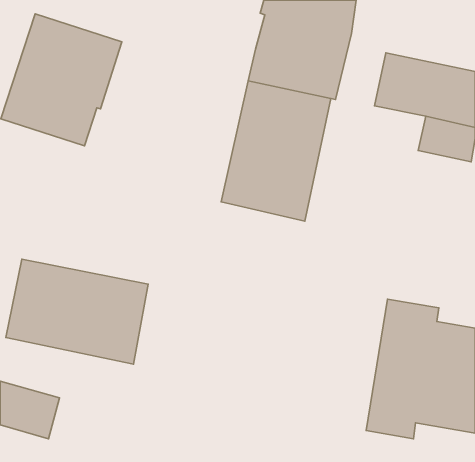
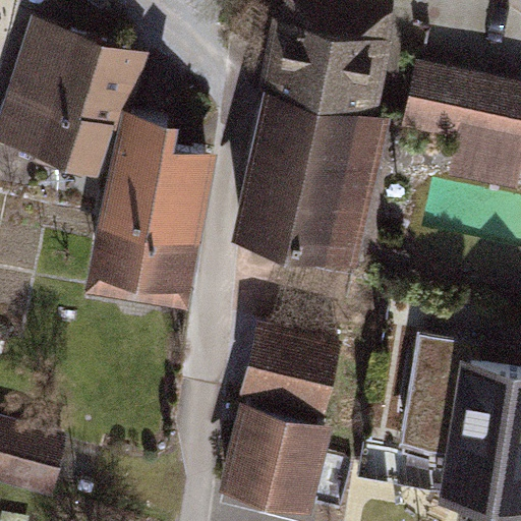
building: none -> [103,121,209,286]
building: [6,259,148,364] -> none
building: none -> [229,341,339,511]

